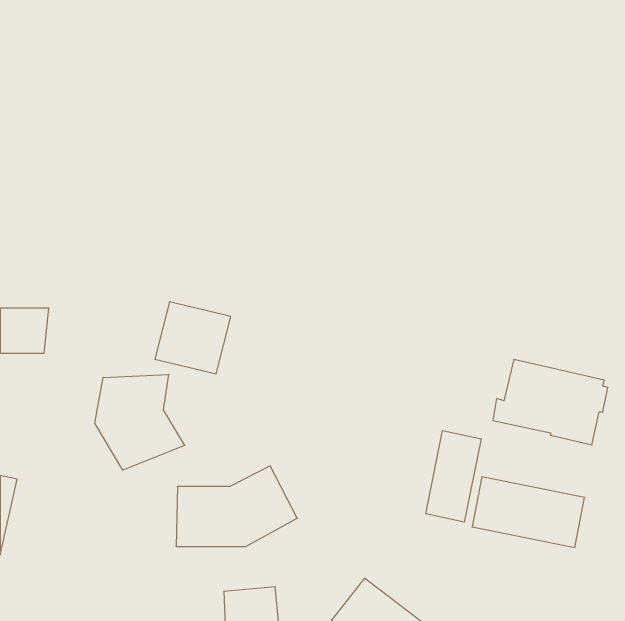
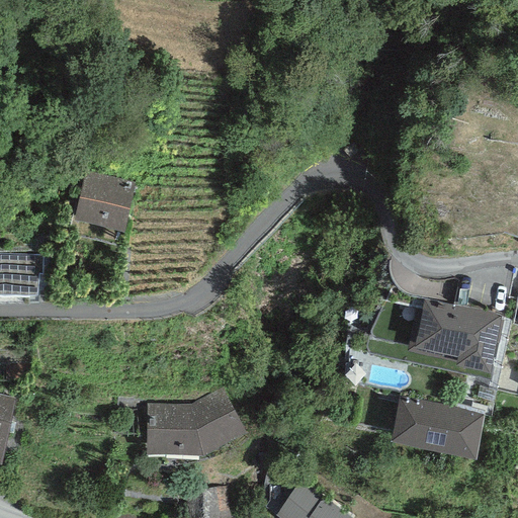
building: [155,302,231,374] -> [73,173,136,233]
building: [95,374,185,470] -> none
building: [426,431,481,522] -> none

